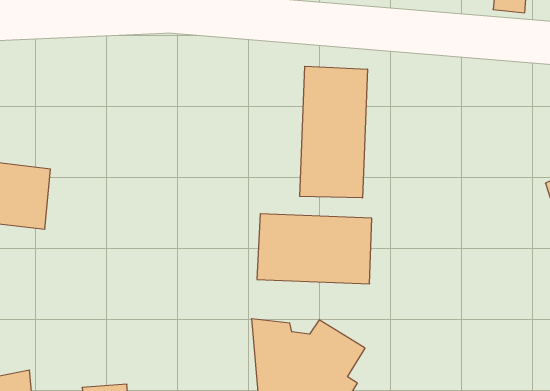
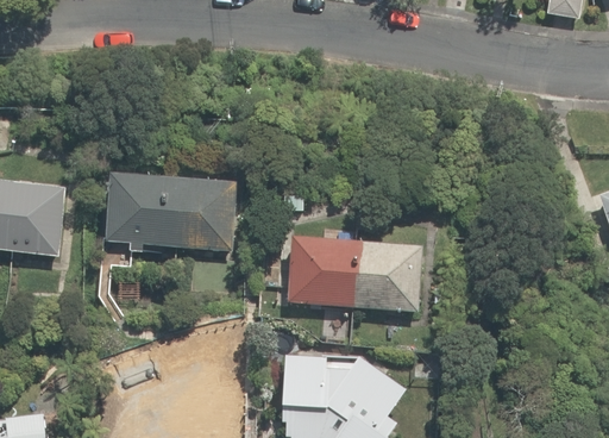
building: [300,66,367,198] -> none
building: none -> [96,167,234,249]

